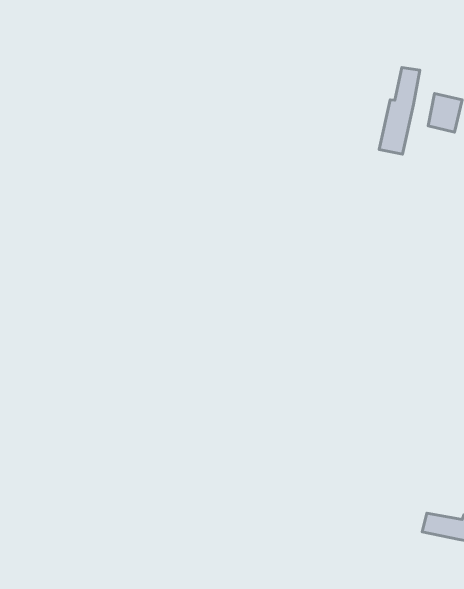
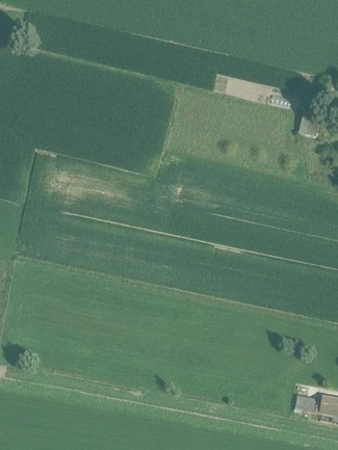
building: [379,67,420,154] -> none

